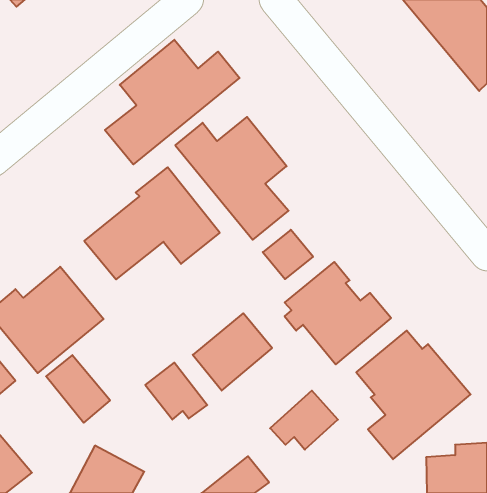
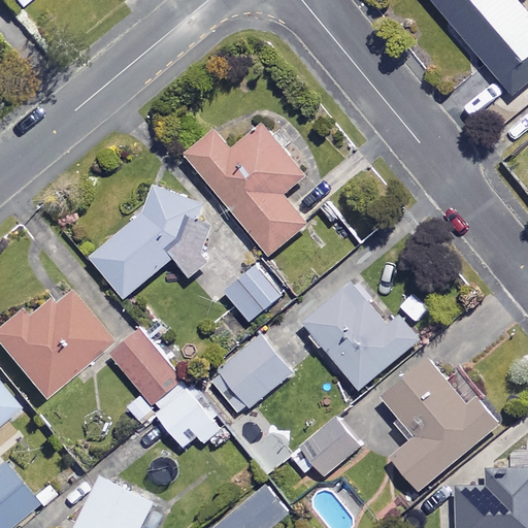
building: [105,40,240,164] -> none
building: [263,230,313,279] -> [224,268,277,321]
building: [46,355,110,423] -> [111,332,179,404]

